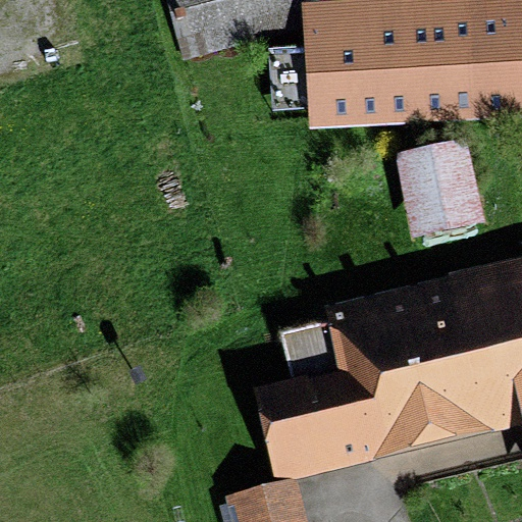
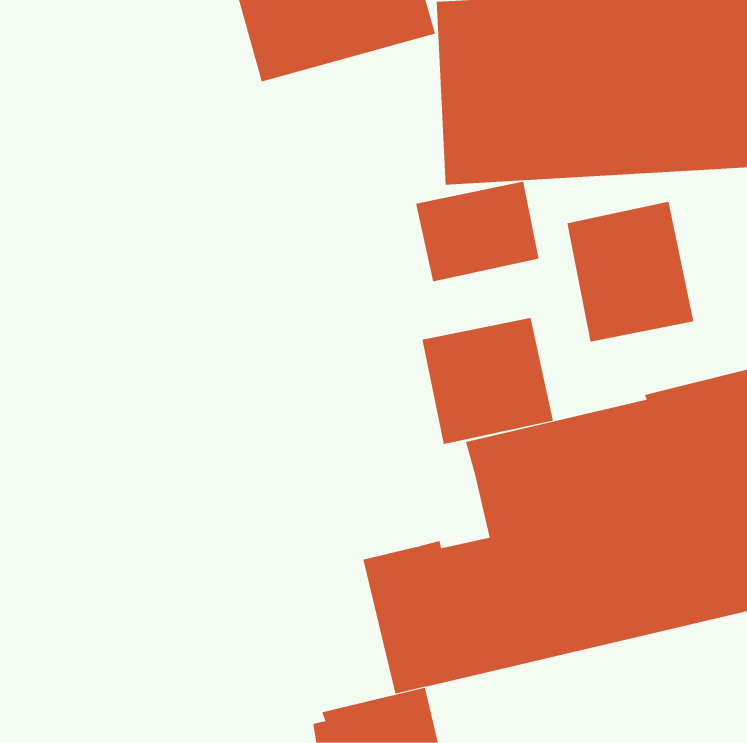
building: none -> [416,181,539,282]
building: none -> [422,317,554,445]

